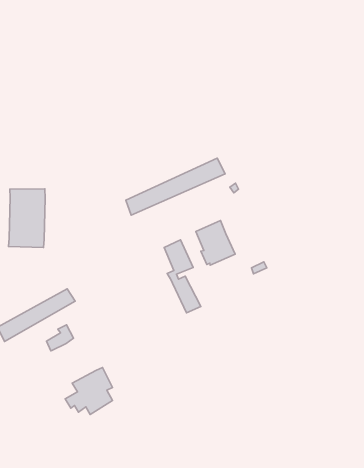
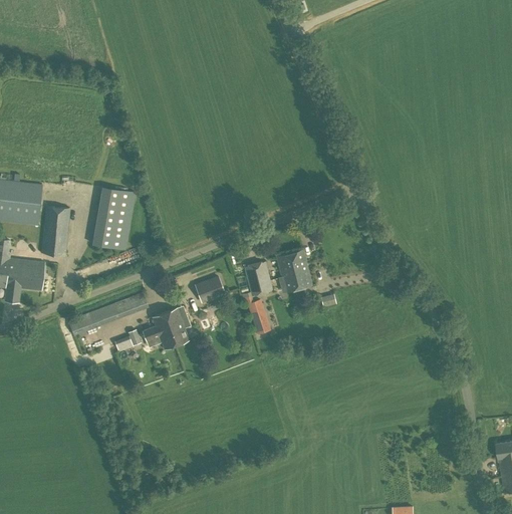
building: [126,158,225,215] -> none
building: none -> [196,277,225,304]
building: [65,367,113,414] -> [143,305,191,349]

